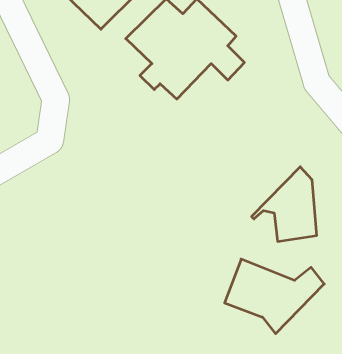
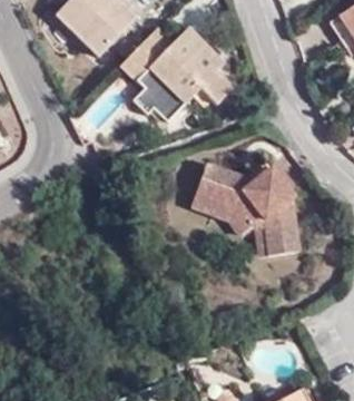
building: [225,259,324,334] -> [189,162,283,232]

